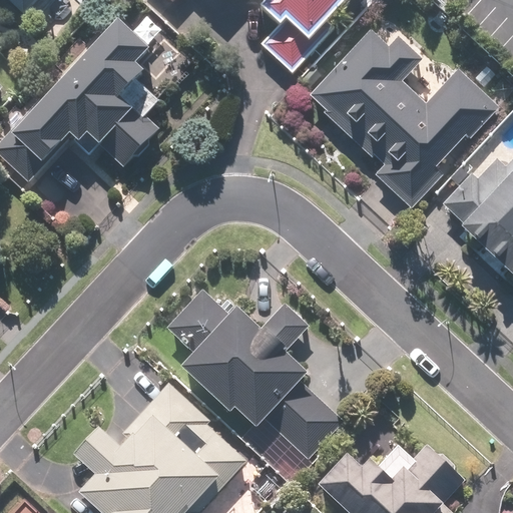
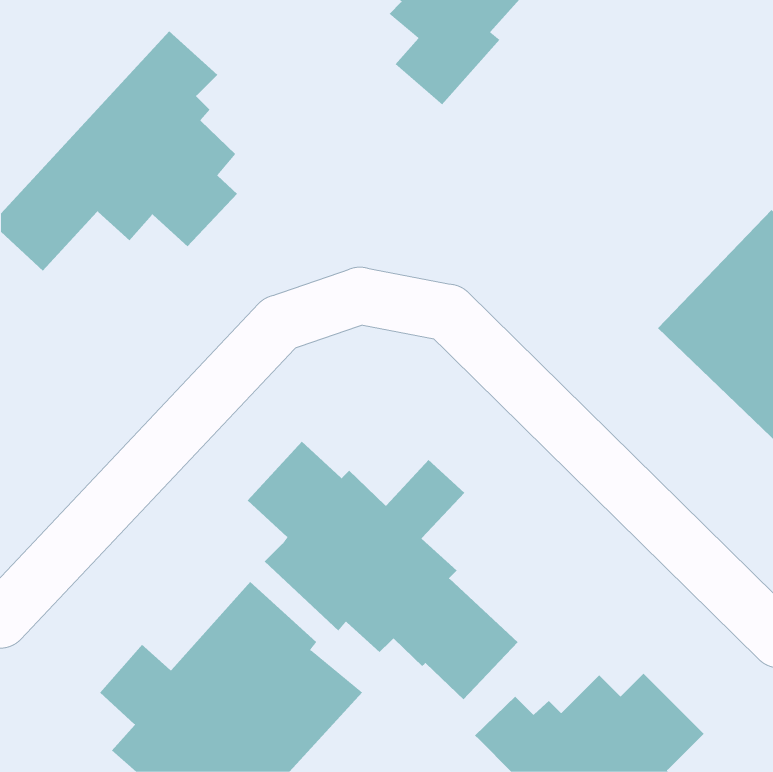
building: [308,29,501,205] -> none

